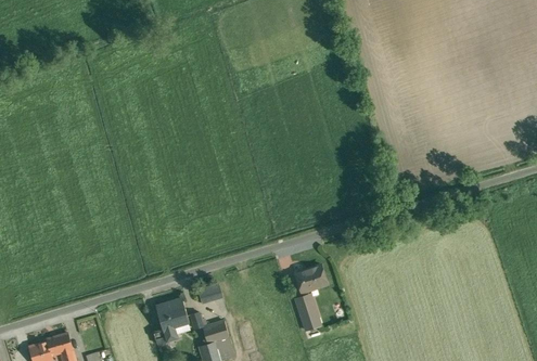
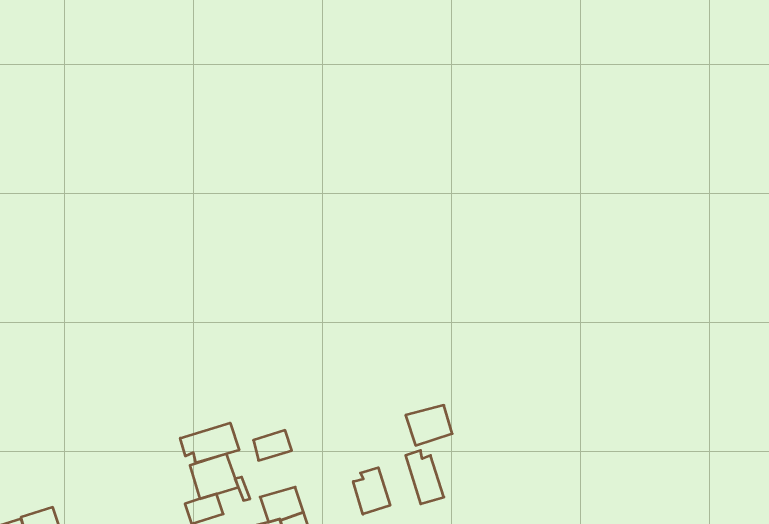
building: none -> [180,423,239,463]
building: none -> [353,468,390,514]

